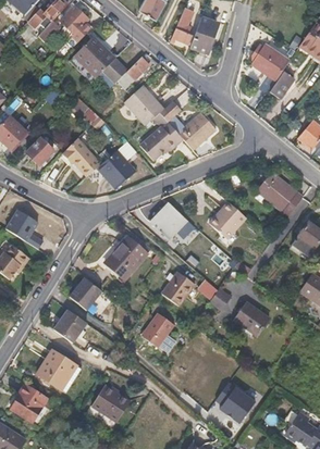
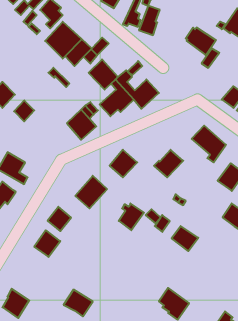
building: [62,140,94,176] -> none
building: [140,313,173,348] -> none
building: [36,349,81,391] -> none

